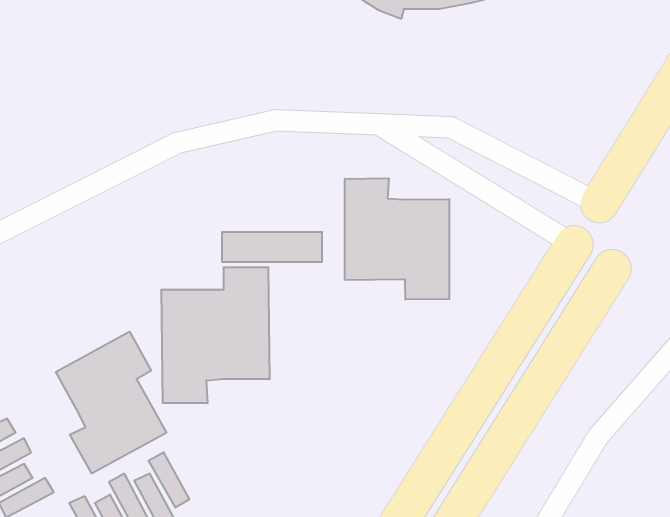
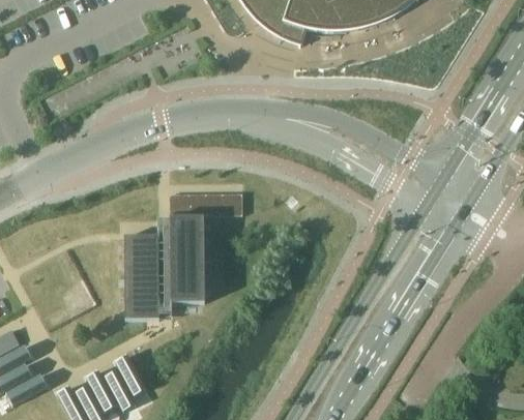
building: [345,178,449,300] -> none
building: [56,332,166,473] -> none

